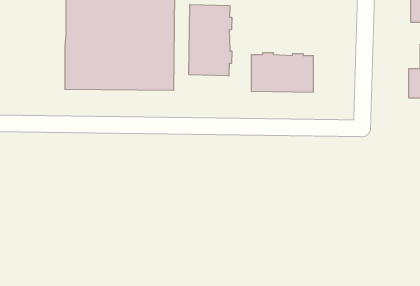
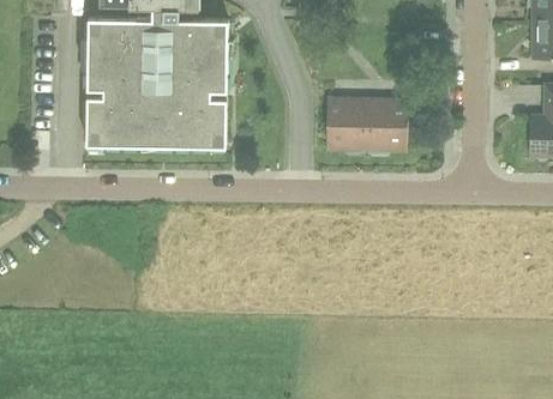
building: [189,4,232,76] -> none

